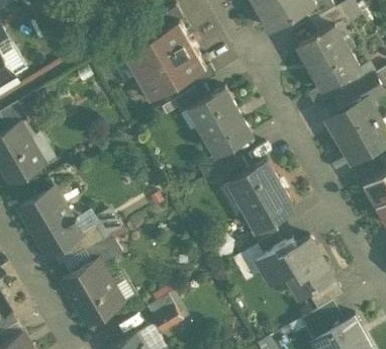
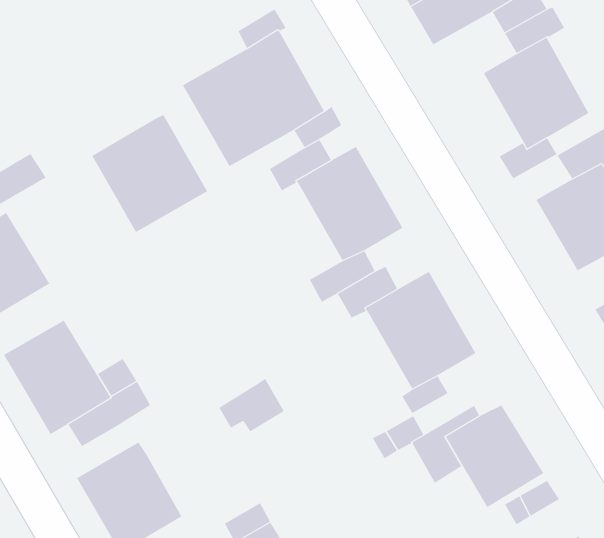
building: none -> [91,114,208,233]
building: [84,236,122,267] -> [218,378,285,432]

